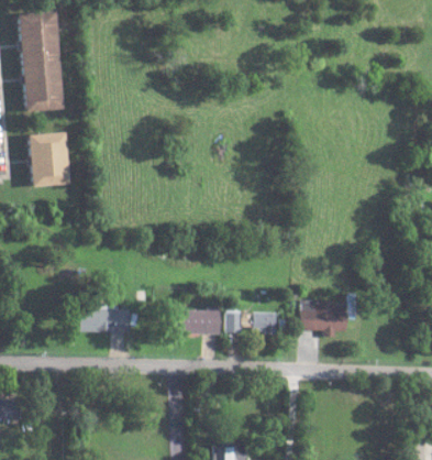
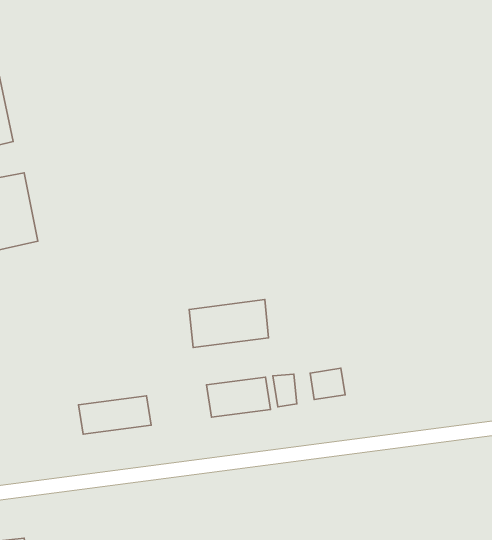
building: none -> [189,300,269,348]
building: [300,299,347,336] -> none

